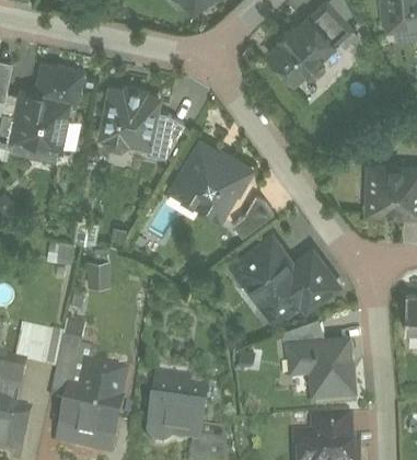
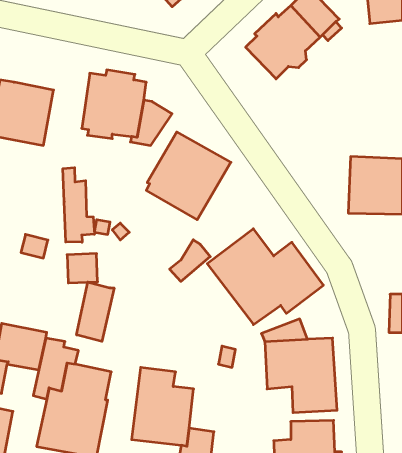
building: [38,58,89,100] -> none
building: none -> [63,168,94,242]
building: [230,198,269,239] -> [170,240,210,281]
building: none -> [77,282,114,341]

